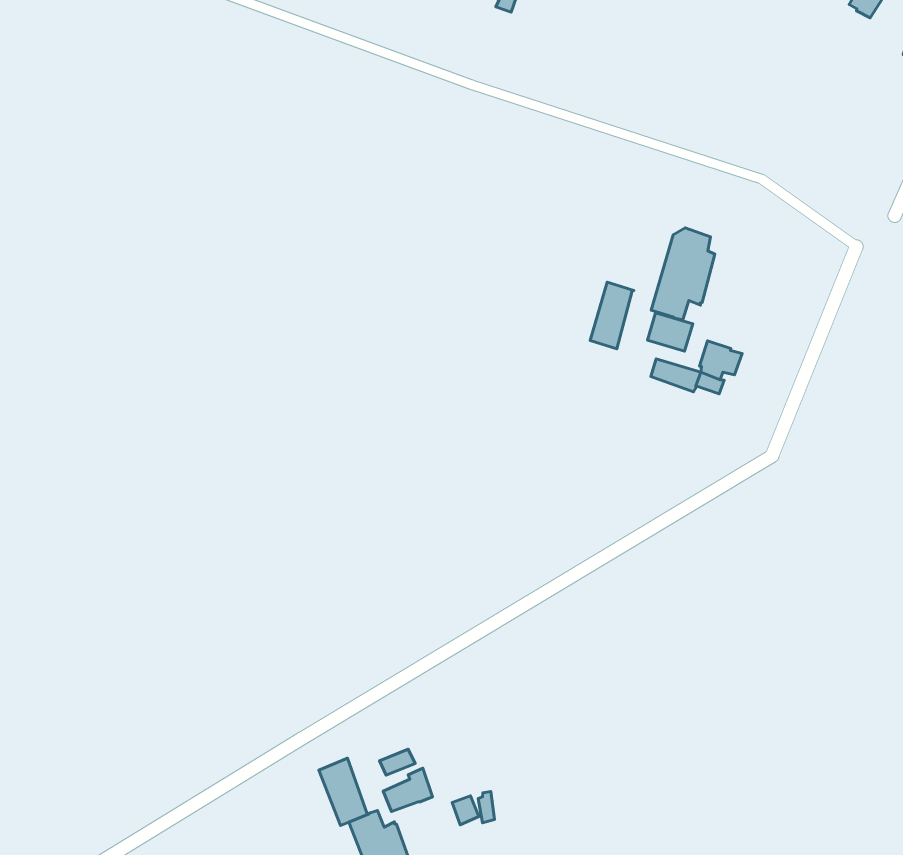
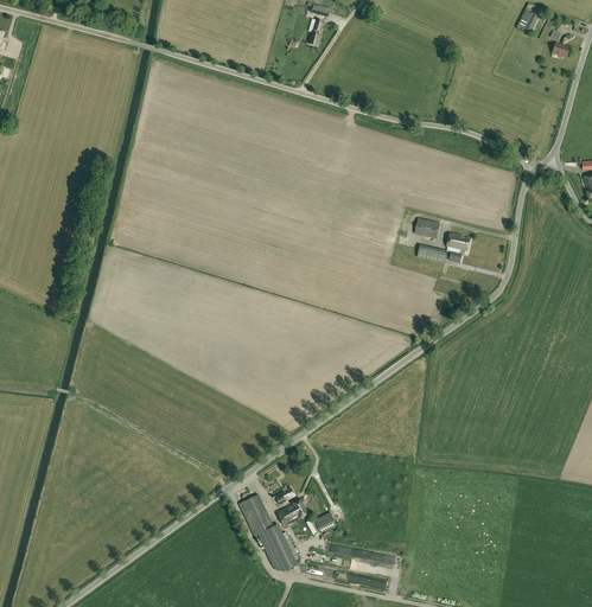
building: [651,228,715,320] -> none
building: [590,282,634,349] -> none

